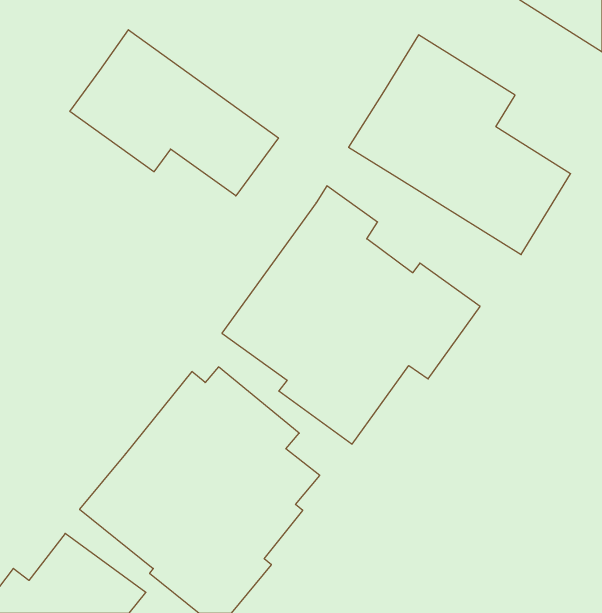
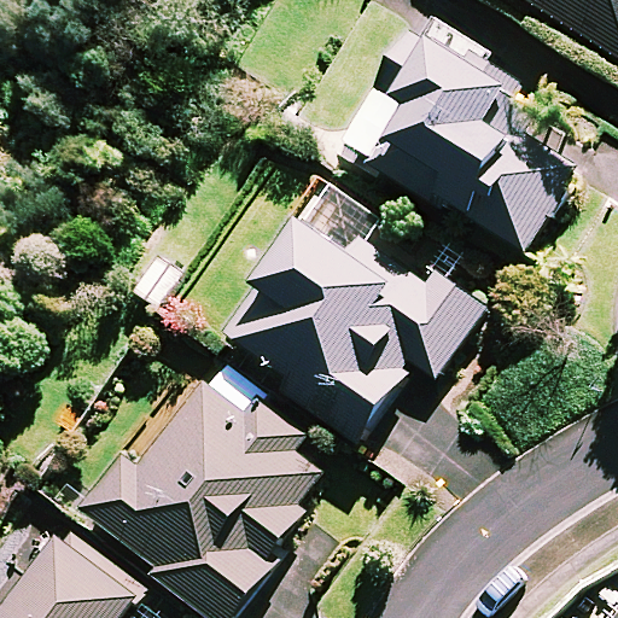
building: [70,30,278,196] -> none

